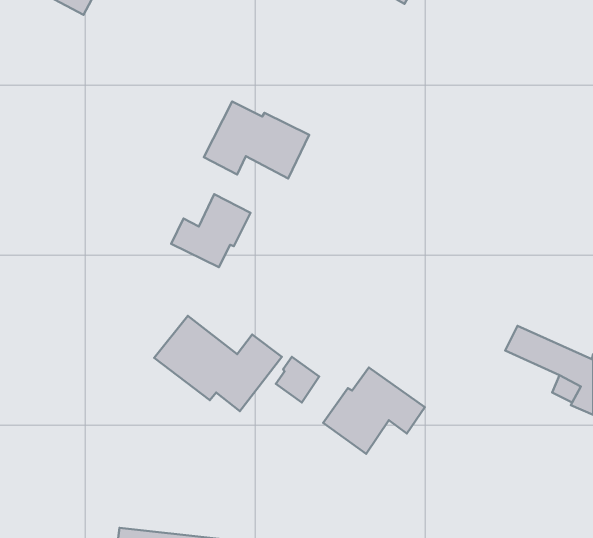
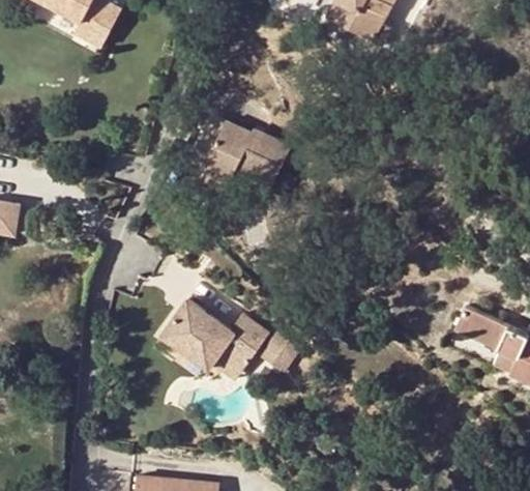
building: [171,194,250,267] -> none
building: [323,368,425,454] -> none

